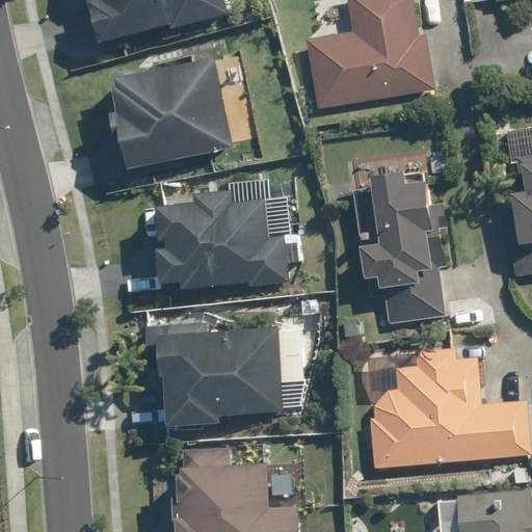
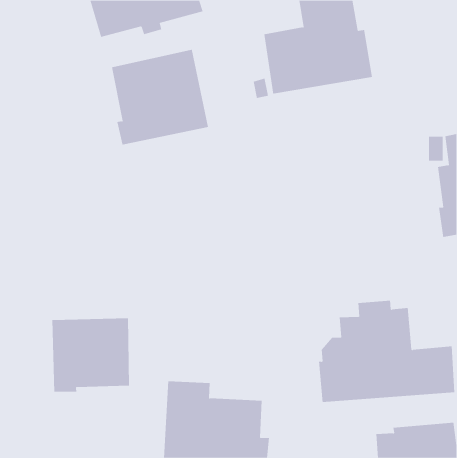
building: [351,172,444,322] -> none
building: [172,192,293,288] -> none
building: [154,318,289,426] -> none
building: none -> [52,318,129,392]

